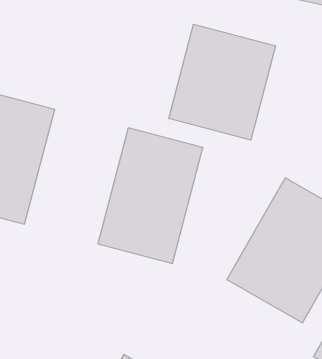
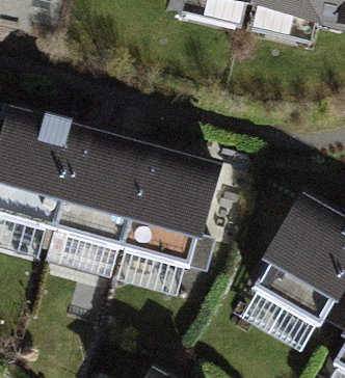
building: [169,24,275,140] -> none
building: none -> [52,127,152,255]

